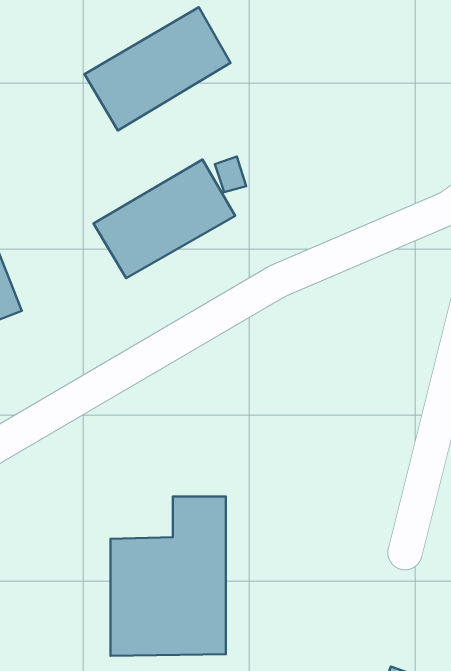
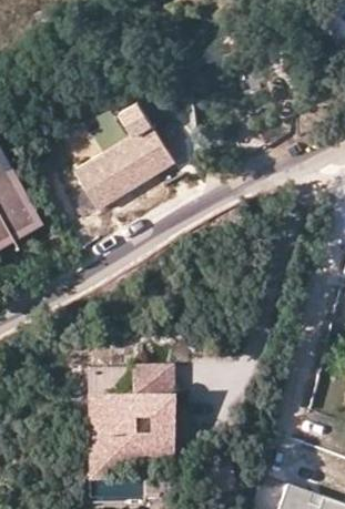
building: [85,7,231,130] -> none

